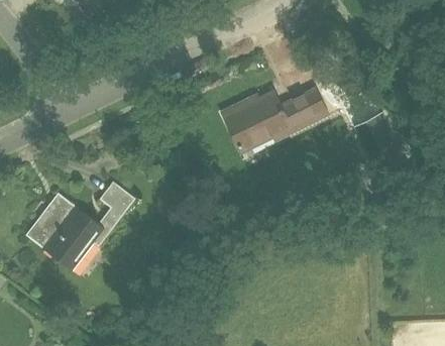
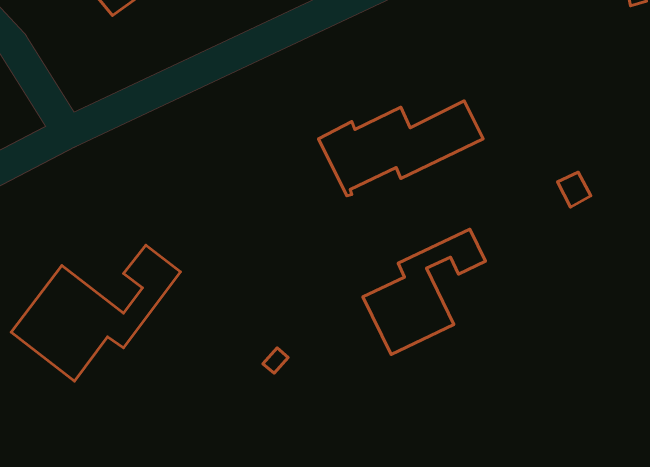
building: none -> [363,229,485,355]

